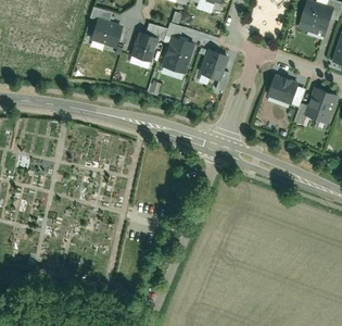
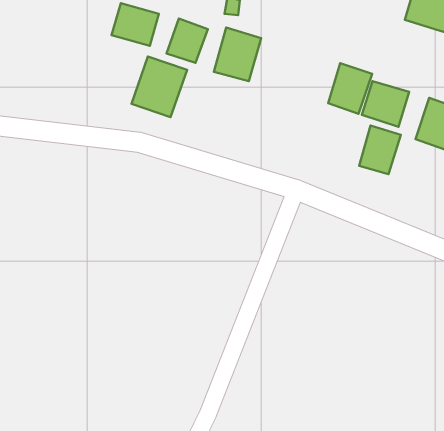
building: [198,47,229,83] -> [328,63,372,114]
building: none -> [131,57,187,117]
building: none -> [359,126,401,174]

